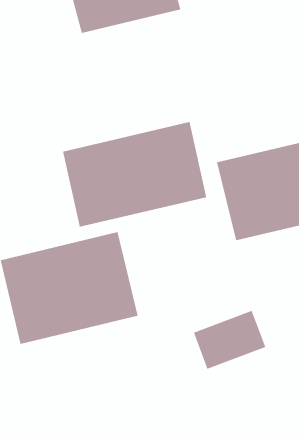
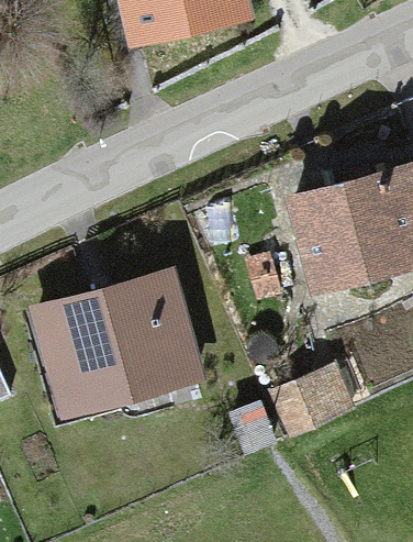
building: [63,121,207,228] -> none

